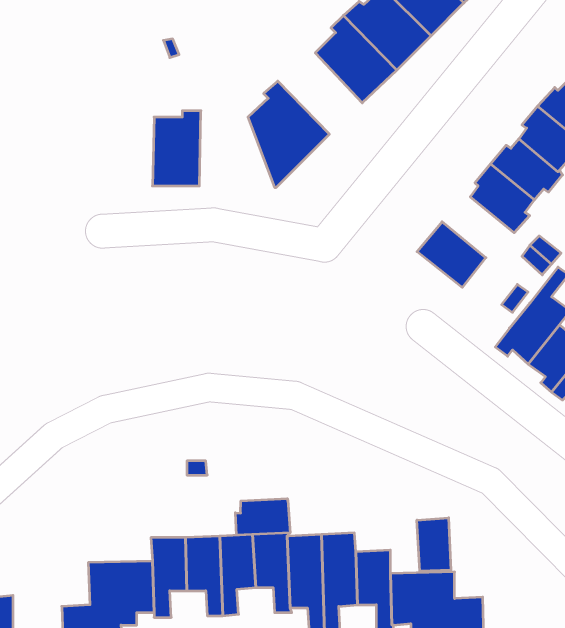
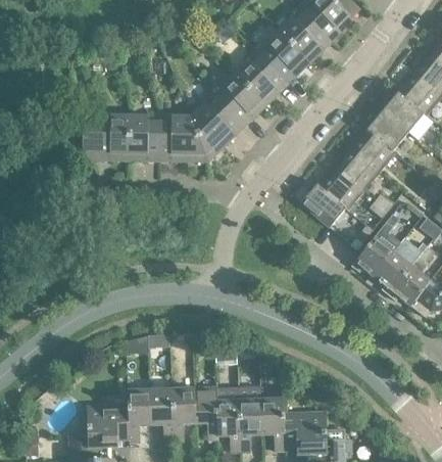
building: none -> [211,73,266,126]
building: none -> [84,109,131,159]
building: none -> [160,110,209,160]
building: none -> [318,167,365,206]
building: [235,499,290,535] -> none
building: [417,518,451,571] -> none

